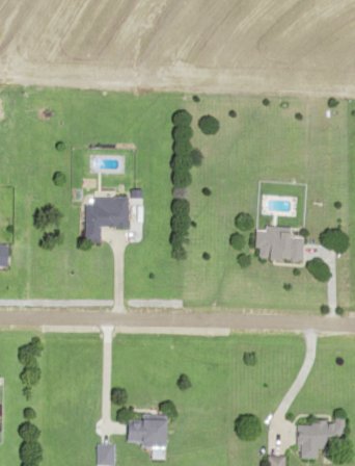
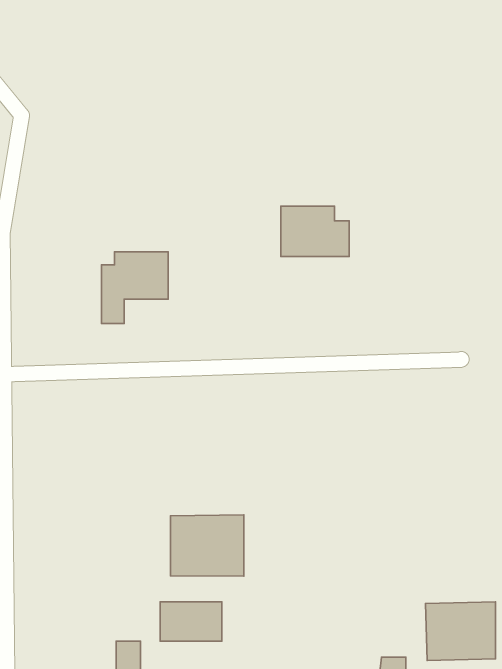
building: [260,227,303,259] -> [281,206,349,257]
building: none -> [171,515,244,576]

